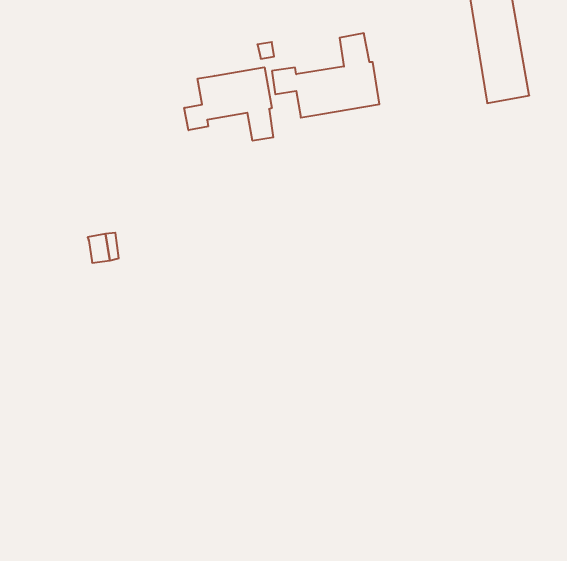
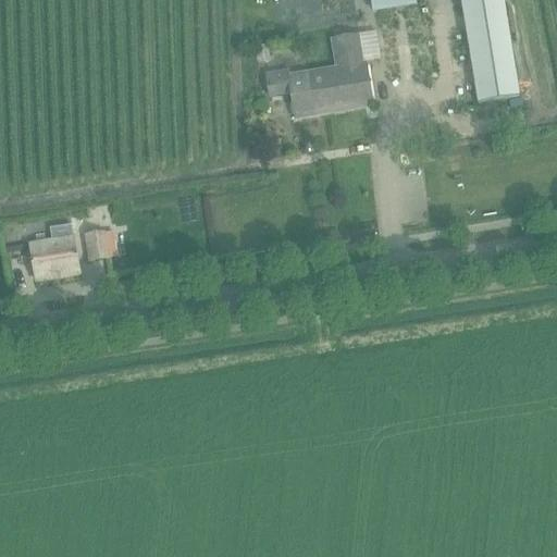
building: [184,67,273,141] -> none
building: none -> [29,221,79,277]

